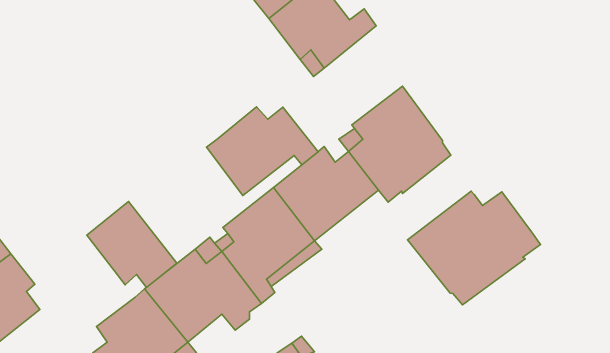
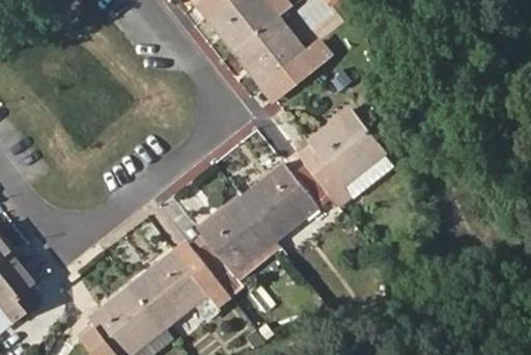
building: [206,107,318,195] -> none
building: [408,191,540,305] -> none
building: [87,202,177,288] -> none

